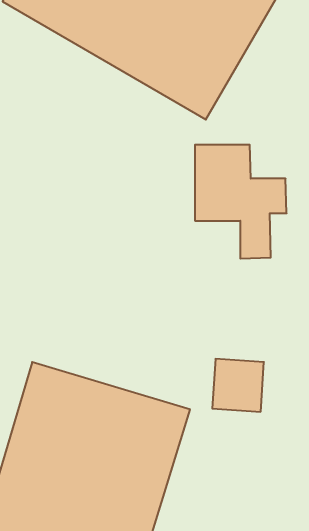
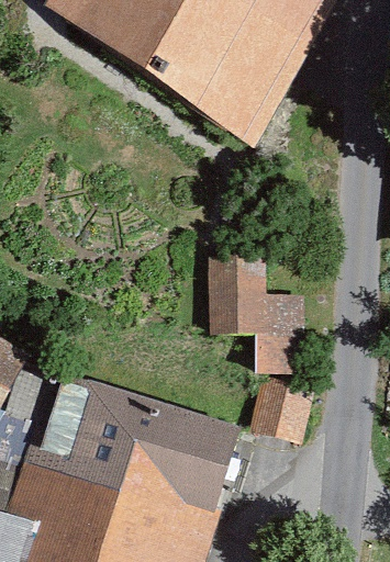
building: [195,145,287,259] -> [210,255,305,373]

